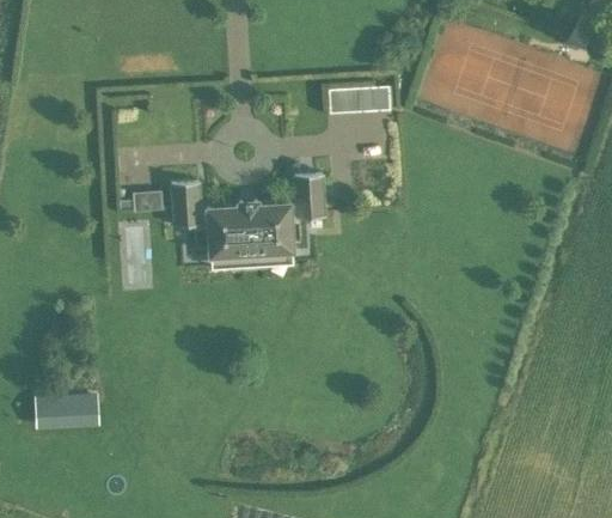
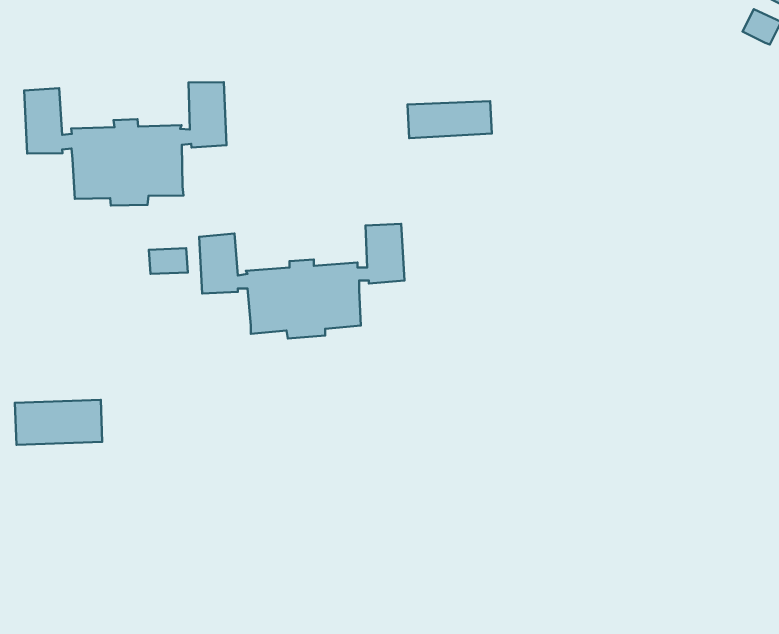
building: none -> [24,82,227,205]
building: [36,395,100,428] -> [15,400,102,445]

